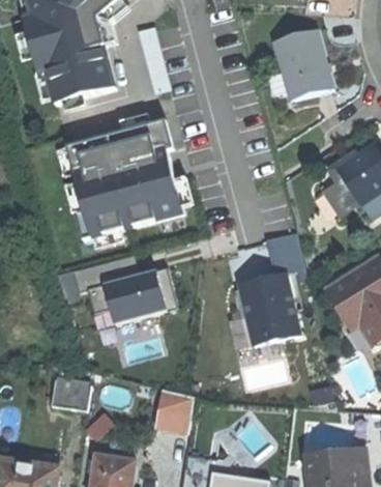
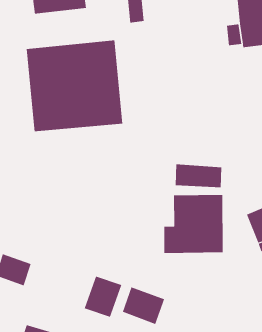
building: [109,266,178,327] -> none
building: none -> [122,286,165,325]

